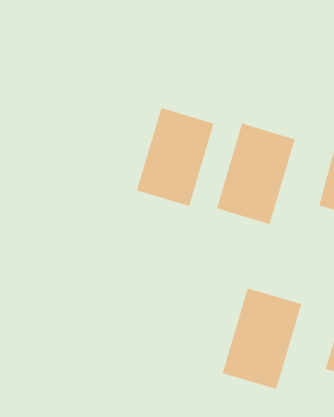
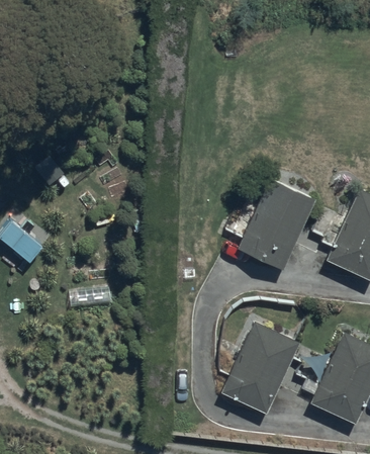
building: [136,107,214,207] -> none

